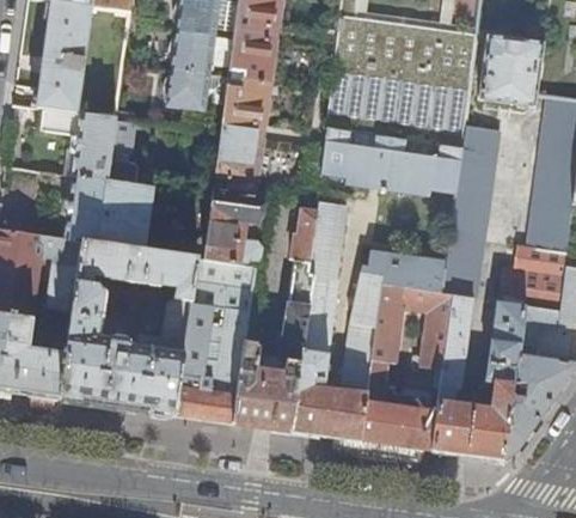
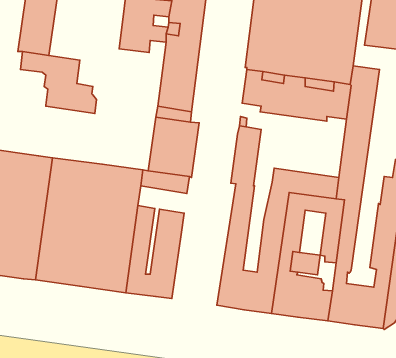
building: [61,176,154,250] -> none
building: [233,209,317,429] -> none

